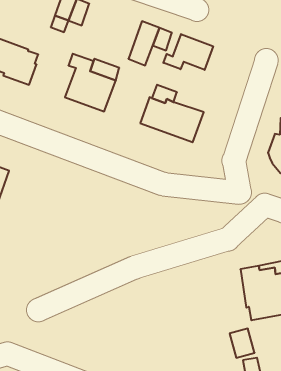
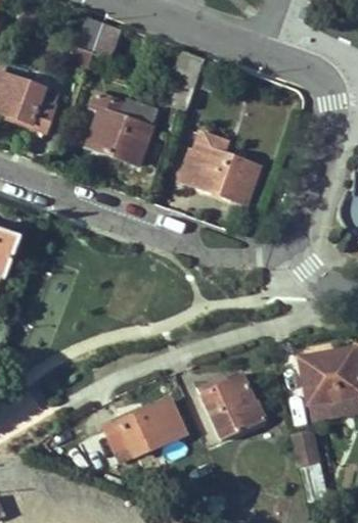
building: [163,34,213,70] -> none
building: none -> [199,374,268,440]
building: none -> [105,401,187,456]

